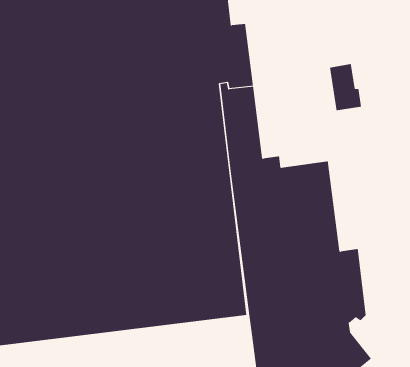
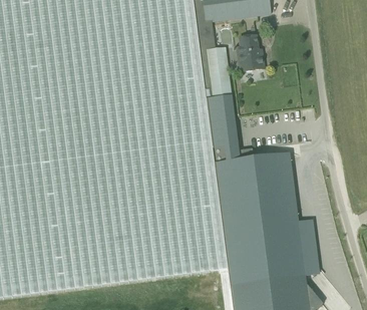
building: [329,64,362,111] -> [239,34,264,70]

